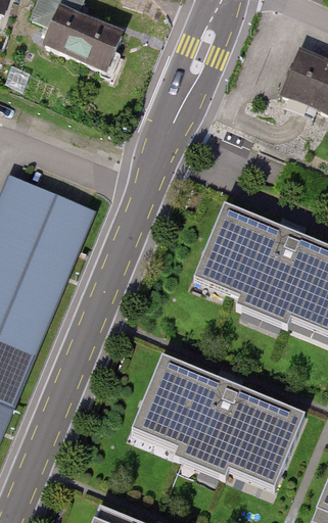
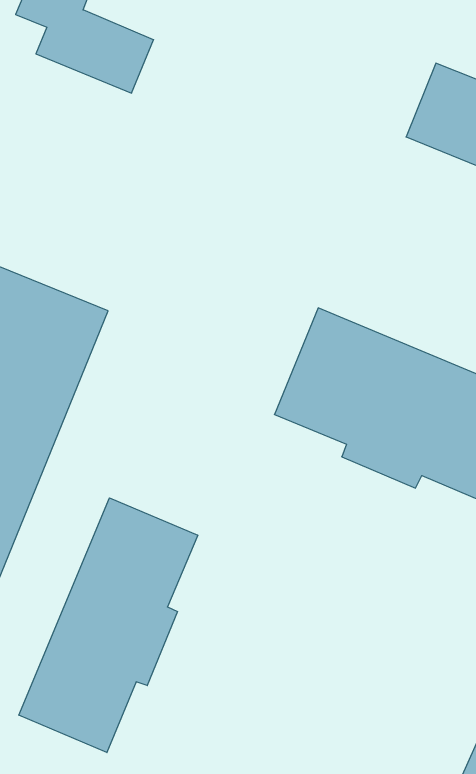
building: none -> [19,498,198,753]
building: [136,358,308,486] -> none

